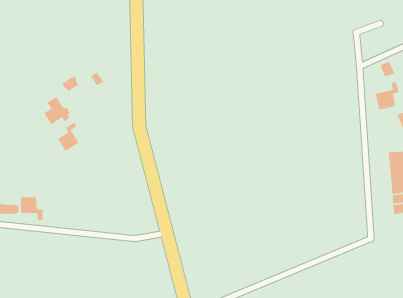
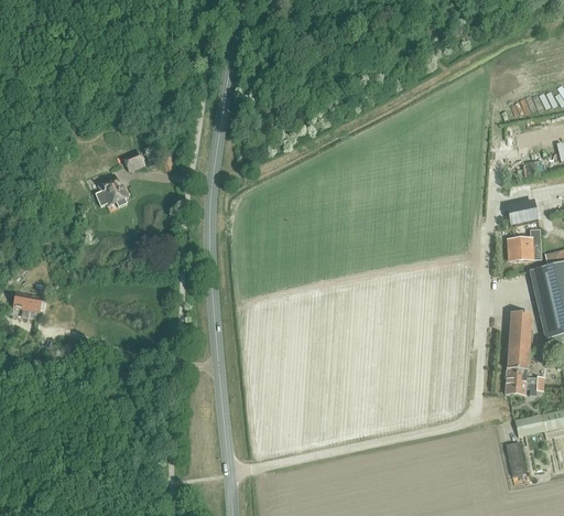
building: [57,122,79,152] -> none
building: [20,196,43,221] -> none

